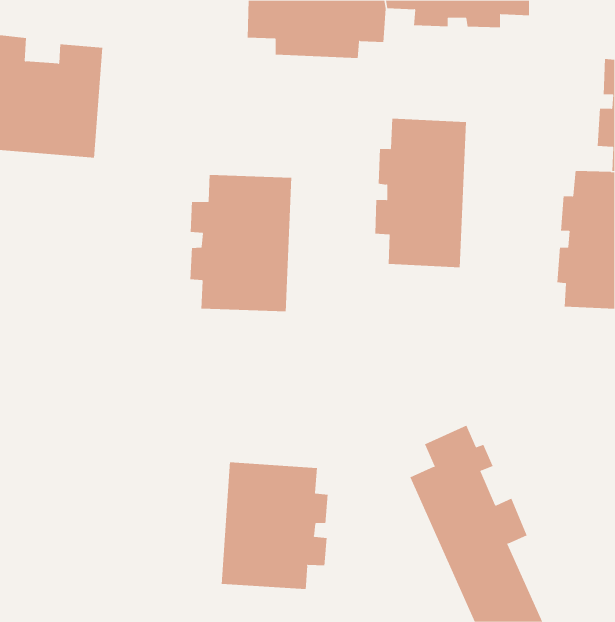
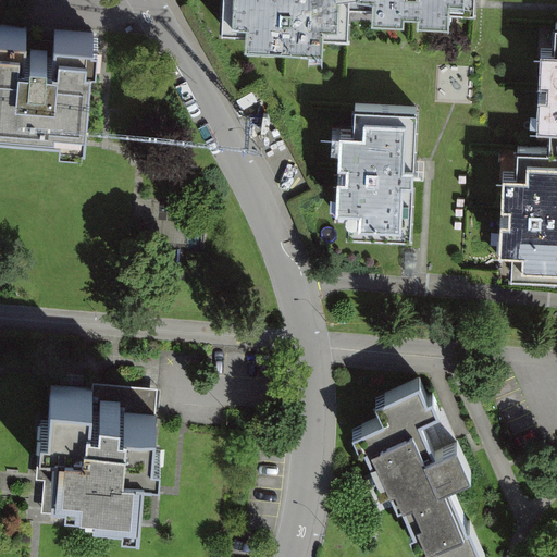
building: [190,174,292,312] -> none
building: none -> [34,388,154,523]
building: [221,462,328,590] -> none

